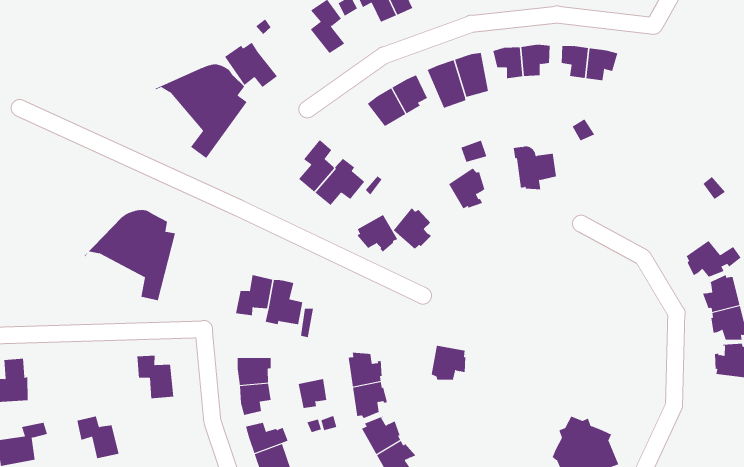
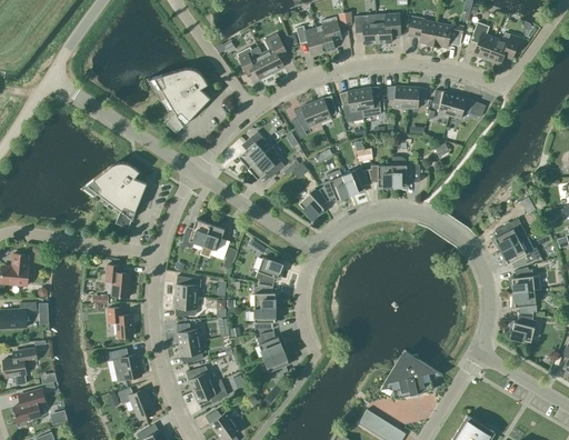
building: [224,42,278,88] -> [237,46,272,79]
building: none -> [369,164,392,189]
building: none -> [491,218,527,250]
building: [356,214,398,252] -> [321,176,350,202]
building: [431,345,466,380] -> [256,257,282,283]
building: [77,416,119,459] -> [107,307,133,337]

